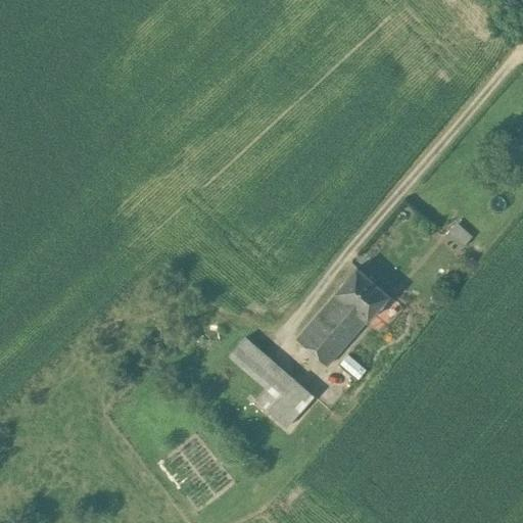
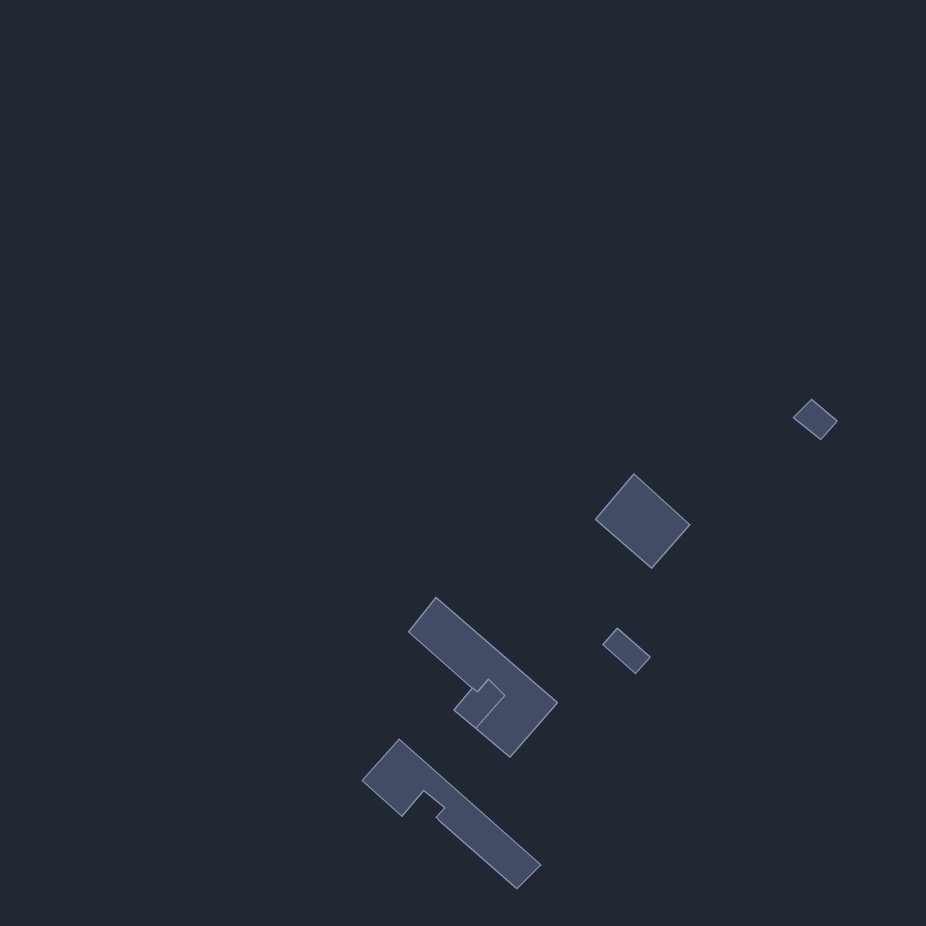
building: [297,293,368,366] -> none
building: none -> [362,739,541,889]

